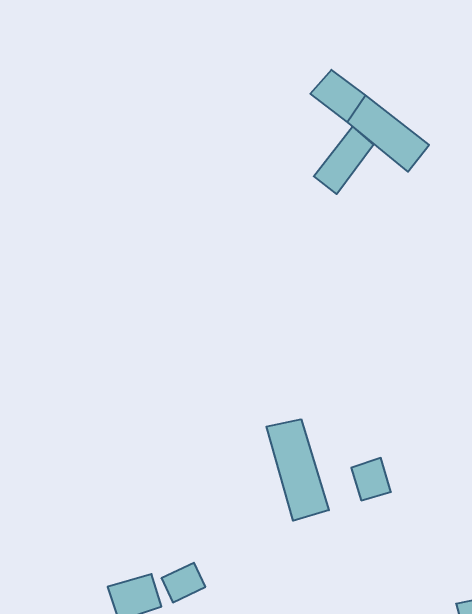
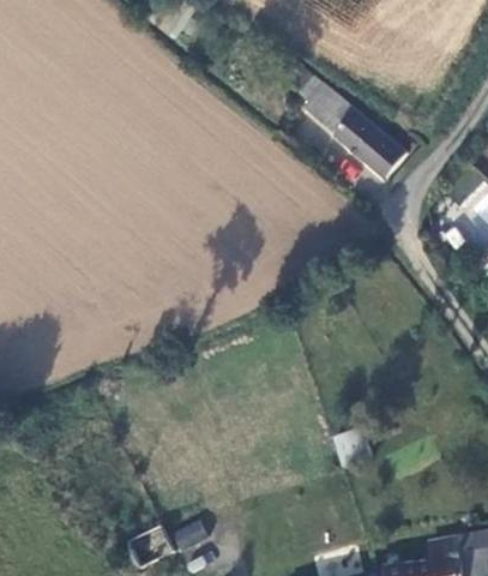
building: [314,127,373,194] -> none
building: [266,419,329,521] -> none

